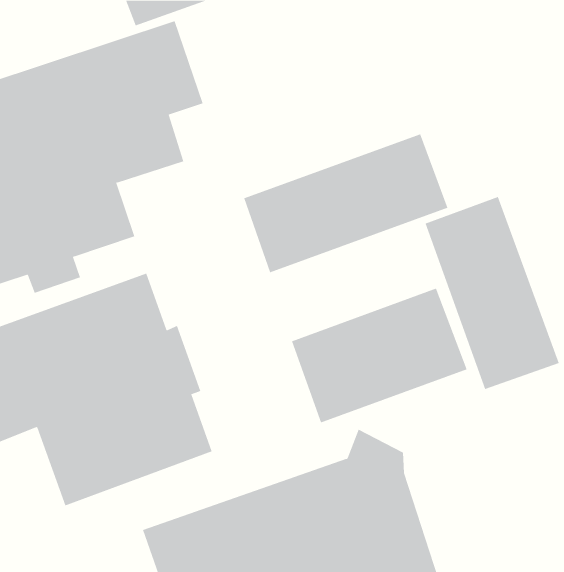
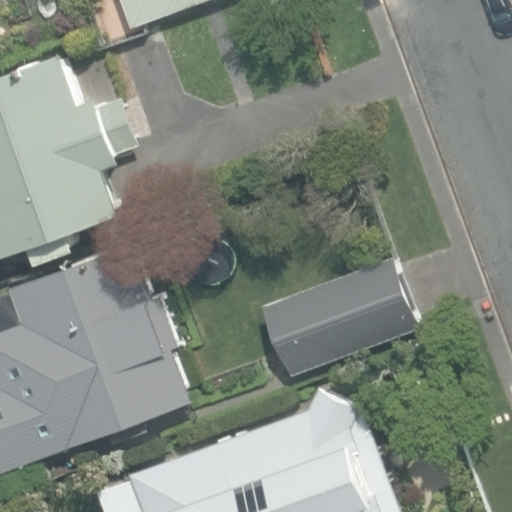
building: [244,134,448,273] -> none
building: [425,196,559,390] -> none

